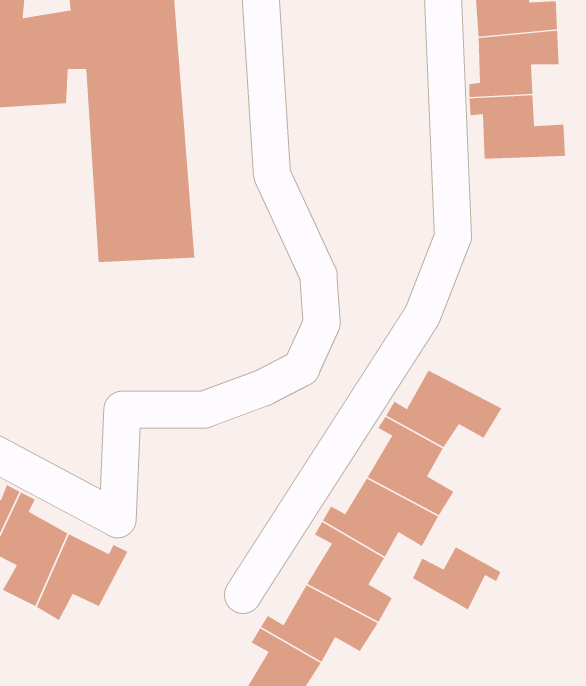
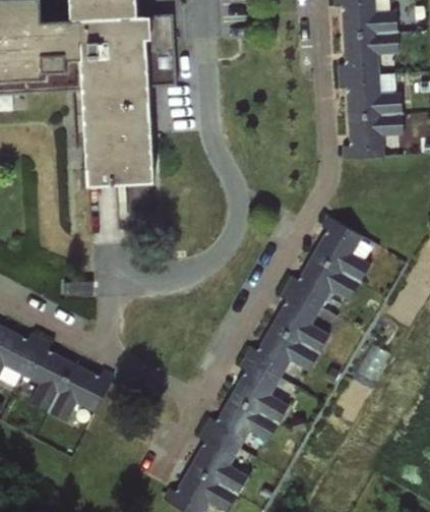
building: none -> [341,114,402,158]
building: none -> [310,216,368,280]
building: [412,546,502,611] -> none

